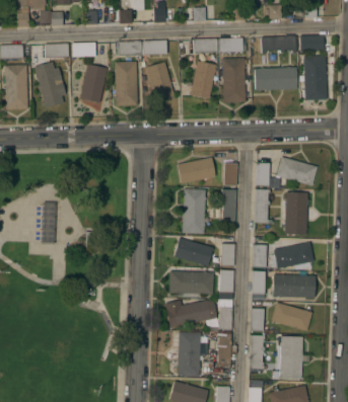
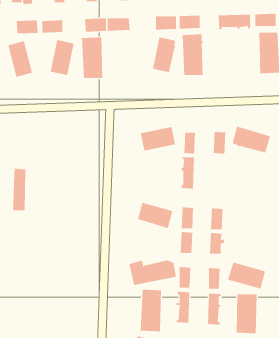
building: [146,62,175,101] -> none
building: [255,67,297,90] -> none
building: [183,188,206,234] -> none
building: [254,189,273,224] -> none
building: [284,191,308,235] -> none
building: [274,242,315,269] -> none
building: [169,270,214,294] -> none
building: [273,274,316,298] -> none

